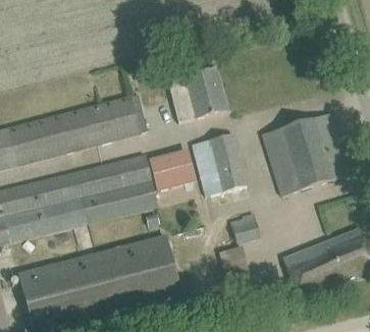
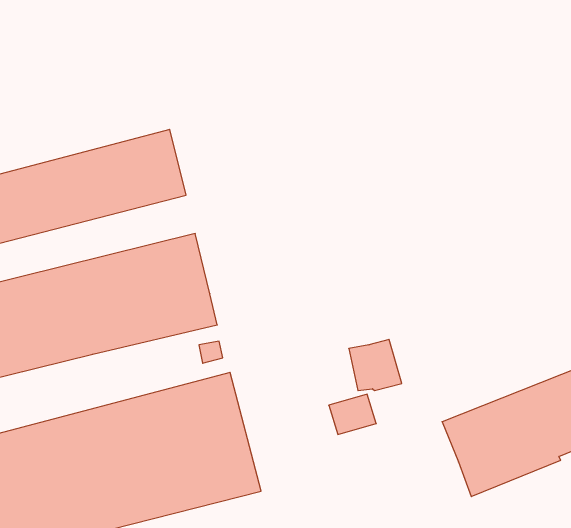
building: [167,66,226,122] -> none
building: [262,112,350,196] -> none
building: [192,133,246,196] -> none
building: [150,151,194,188] -> none

